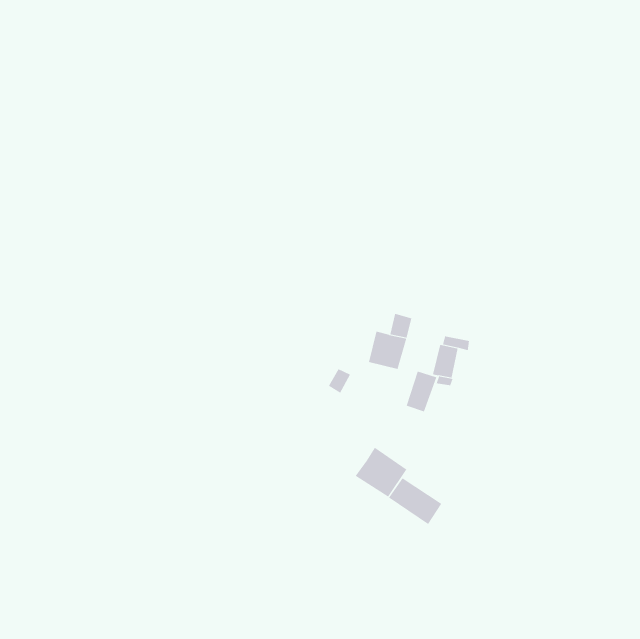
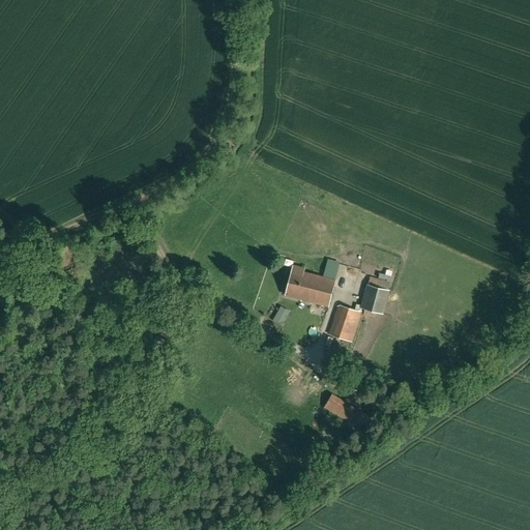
building: none -> [286,264,311,299]
building: [355,447,407,497] -> none

